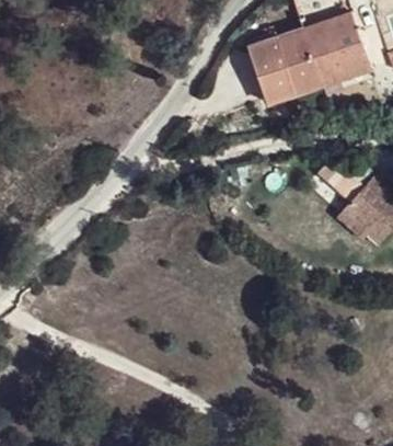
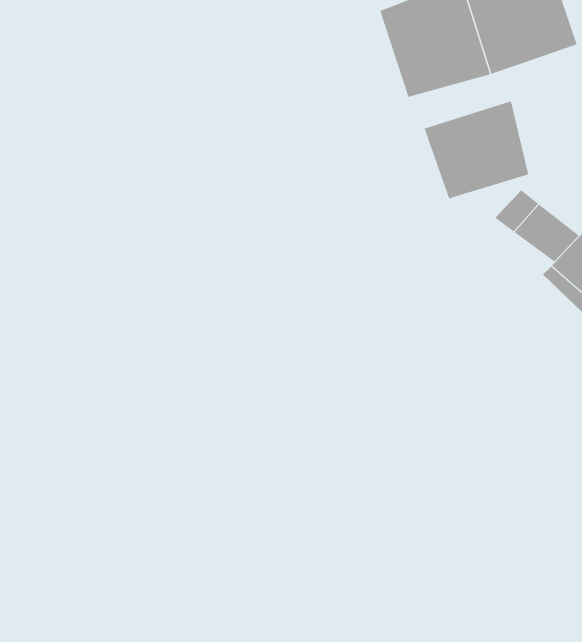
building: none -> [424,101,529,199]

